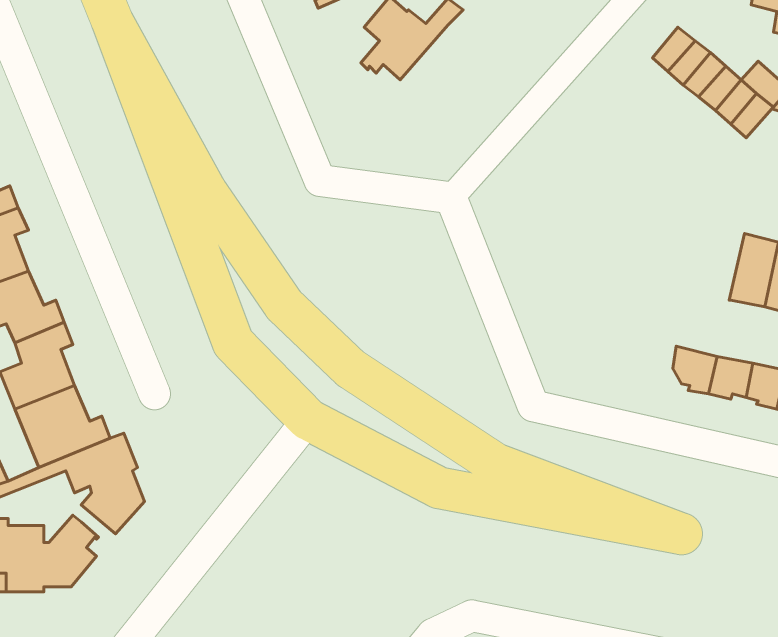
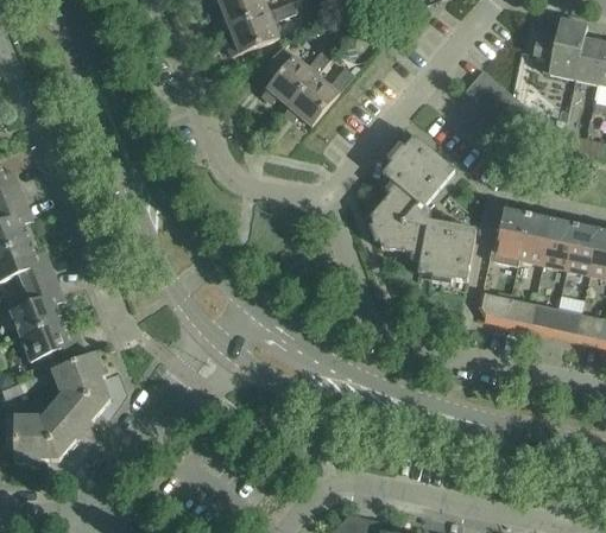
building: none -> [283,65,359,125]
building: none -> [371,135,475,280]
building: none -> [488,208,529,265]

